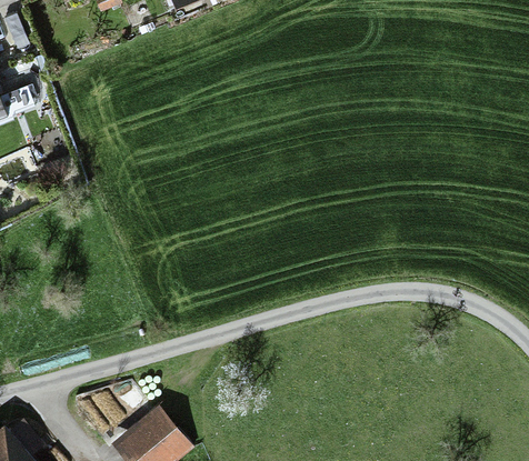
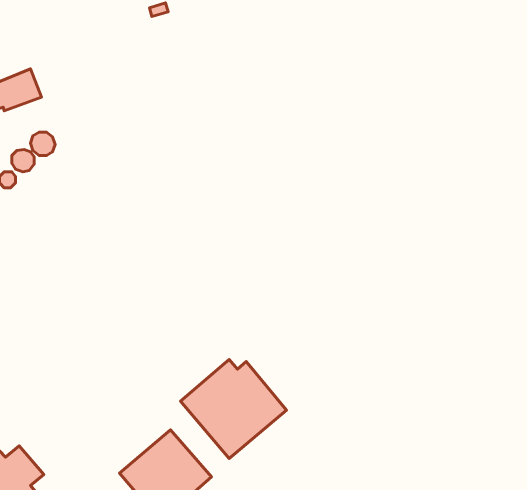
building: none -> [180,359,286,458]

